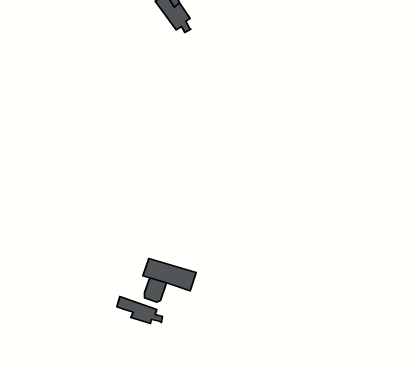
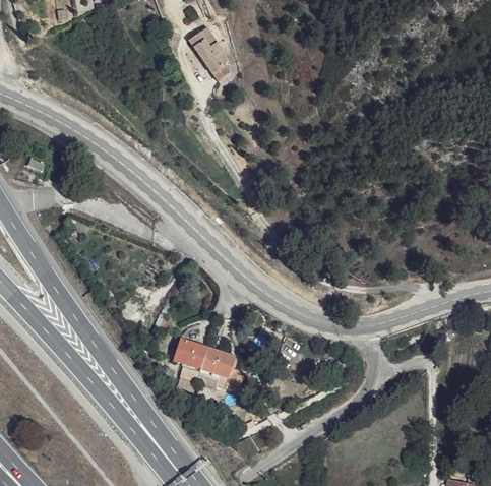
building: [117,296,163,324] -> none

